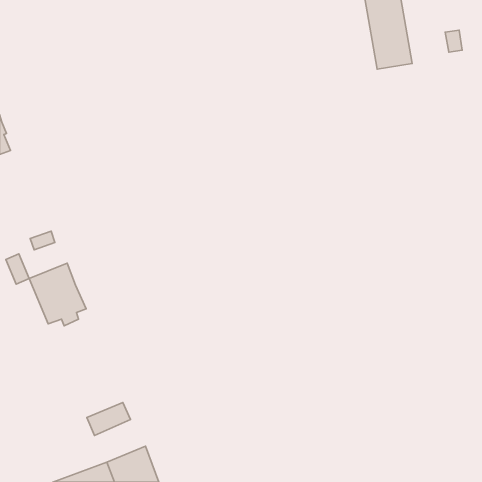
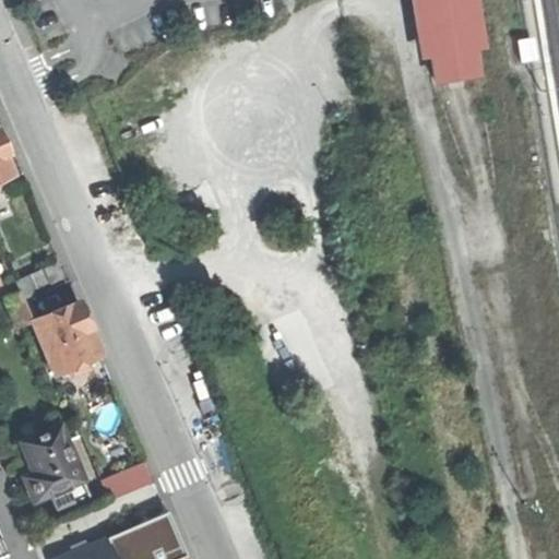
building: none -> [22,426,90,509]

